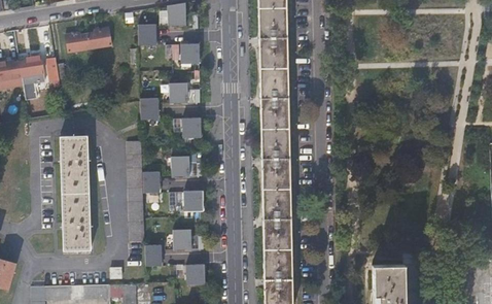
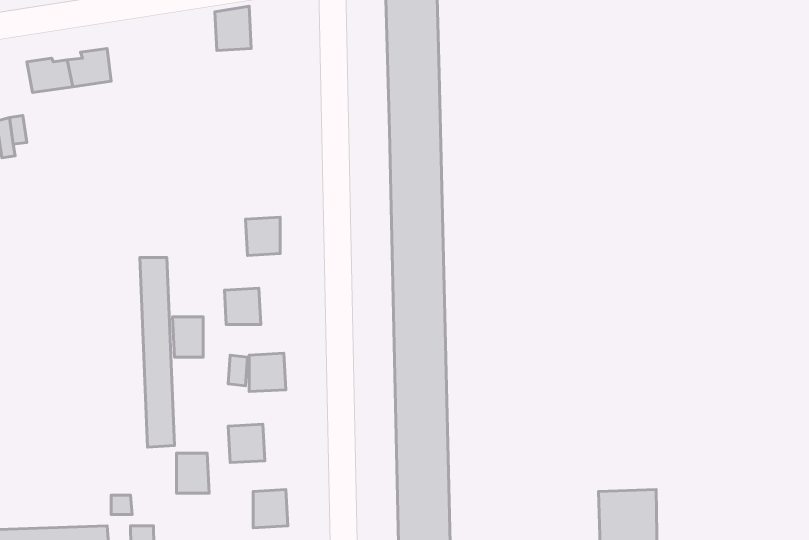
building: [139,23,156,46] -> none
building: [181,43,201,64] -> none
building: [170,82,190,103] -> none
building: [141,98,160,120] -> none
building: [61,134,92,248] -> none

